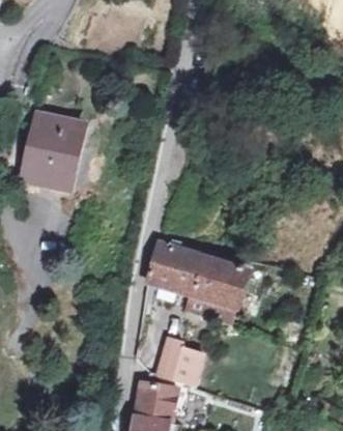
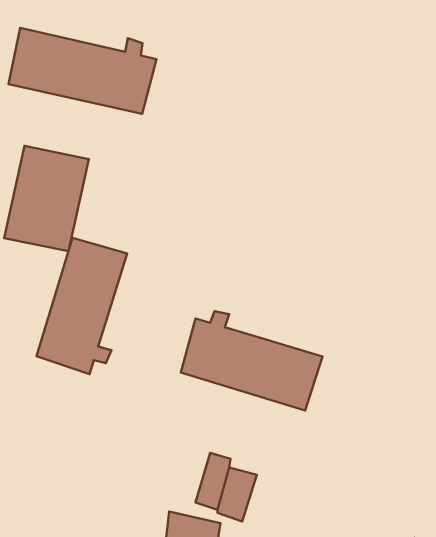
building: none -> [9,28,156,114]
building: none -> [36,238,127,374]

